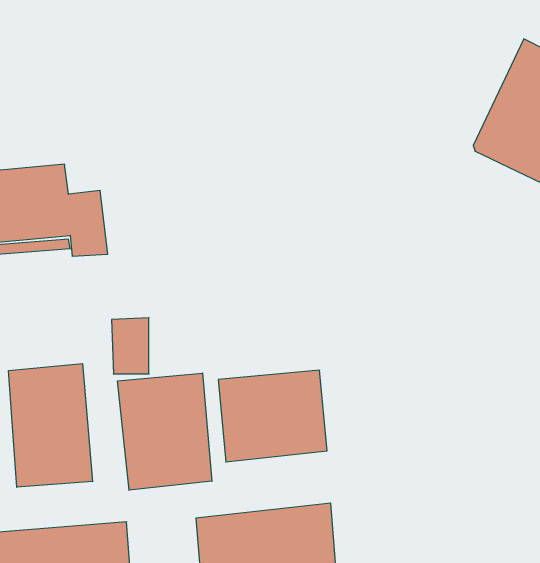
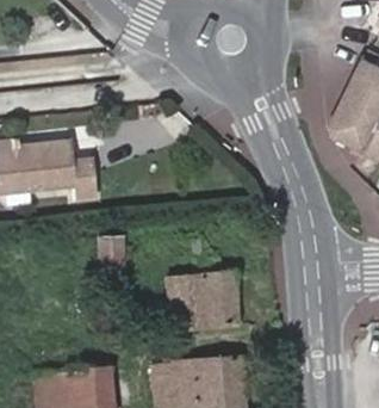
building: [9,364,93,487] -> none
building: [118,373,212,490] -> none

